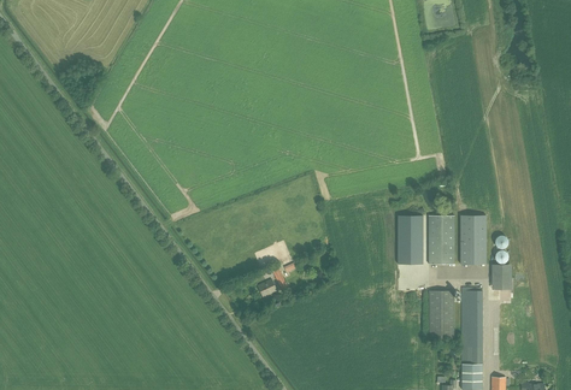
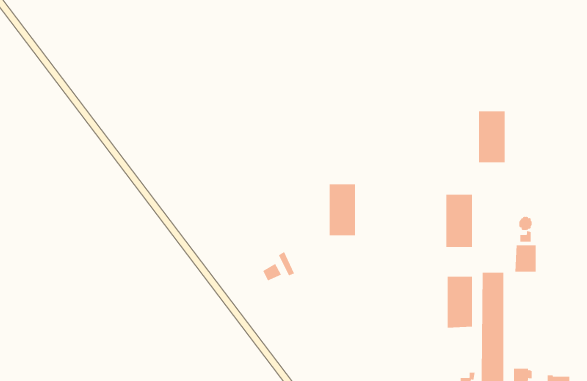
building: [396,215,422,264] -> [329,184,356,236]
building: [459,215,484,264] -> [478,111,506,163]

